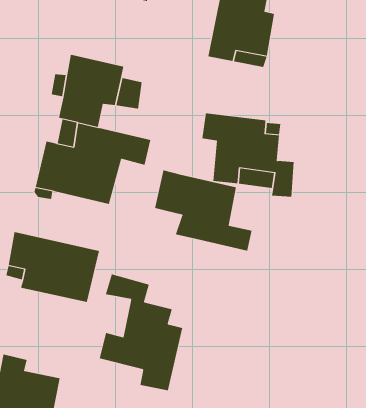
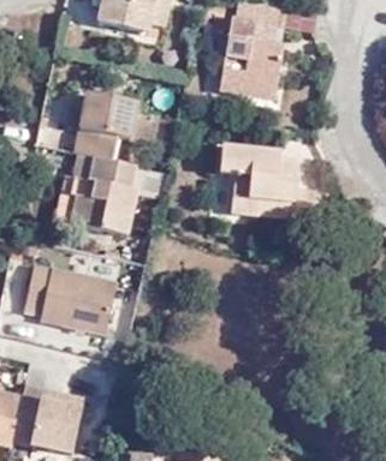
building: [154,170,252,252] -> none
building: [99,274,183,391] -> none

